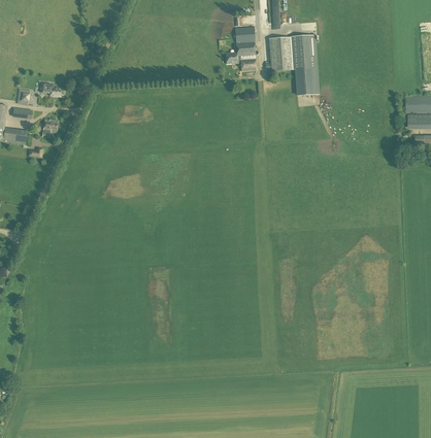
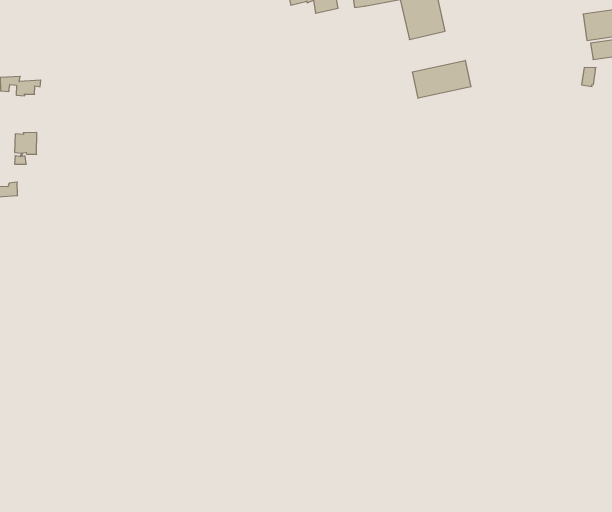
building: none -> [412,60,471,98]

